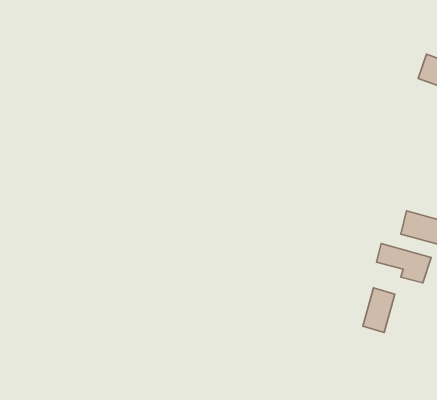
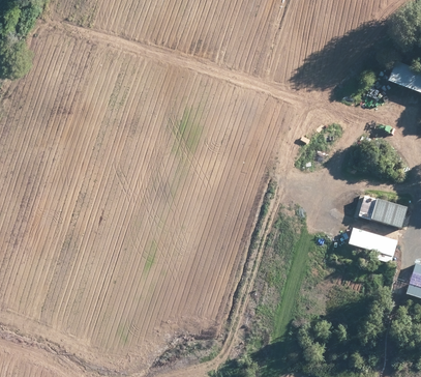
building: [363,288,395,332] -> none

